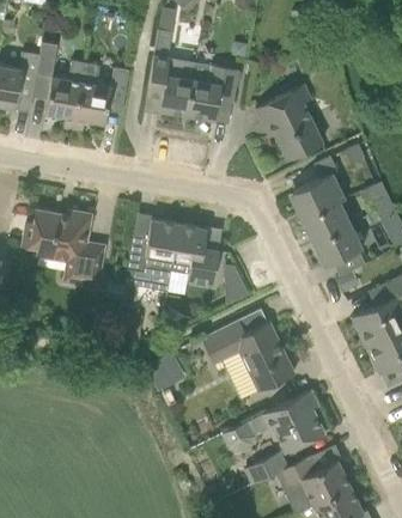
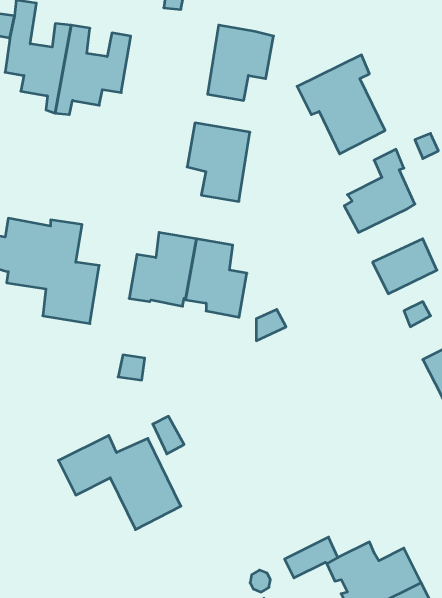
building: [148,55,196,115] -> [187,123,250,201]
building: [303,202,352,243] -> none
building: [201,319,294,391] -> [58,435,181,530]
building: [220,391,324,452] -> none

